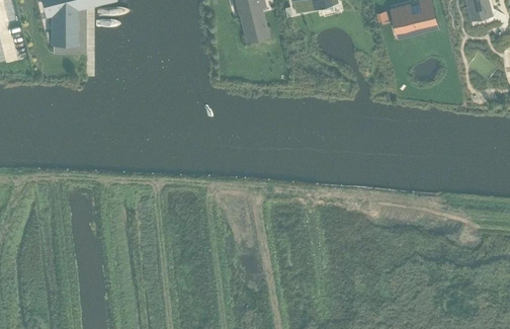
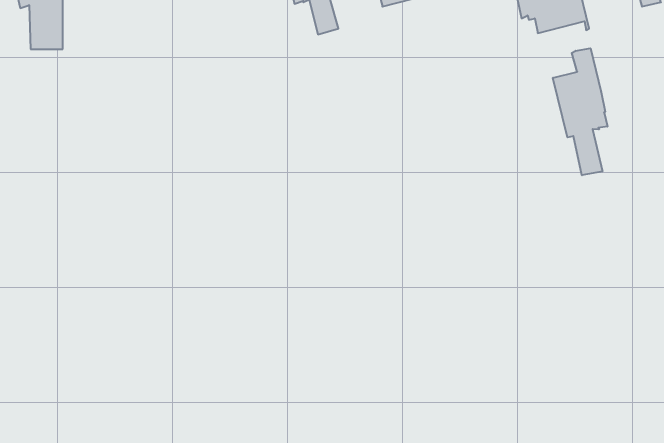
building: none -> [553,48,607,175]

